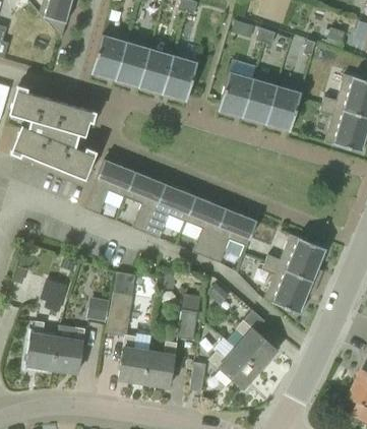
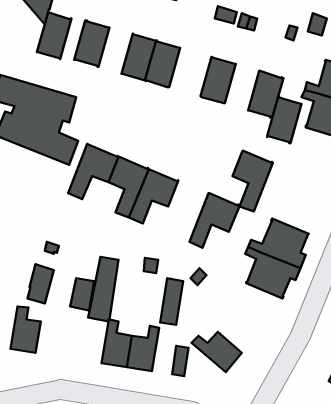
building: [115,42,149,88] -> [37,13,71,59]
building: [242,78,277,125] -> [267,97,301,143]
building: [185,196,226,257] -> [232,151,273,212]
building: [235,320,277,369] -> none
building: [52,326,84,373] -> none

